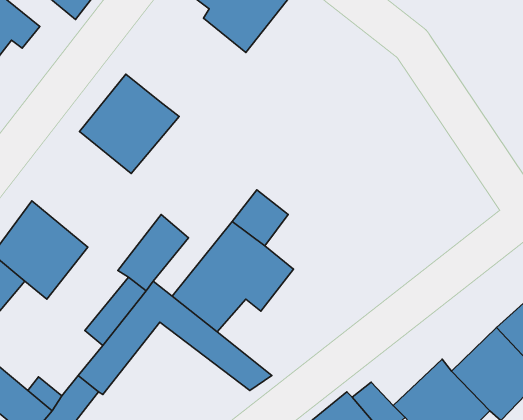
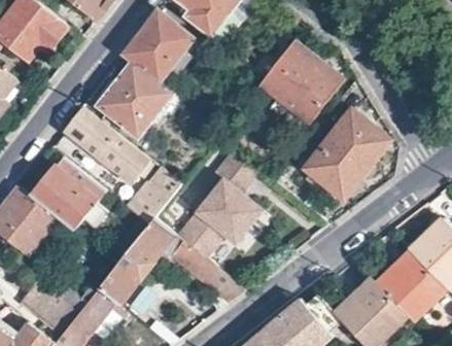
building: none -> [123,11,194,82]
building: none -> [259,40,341,122]
building: none -> [63,106,151,184]
building: none -> [309,112,386,194]

